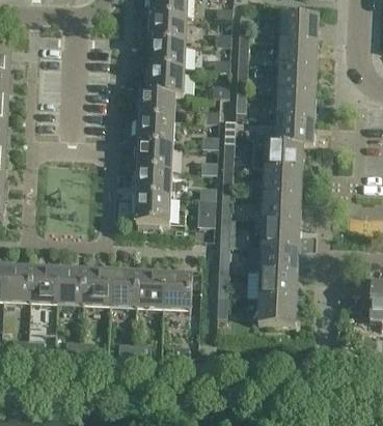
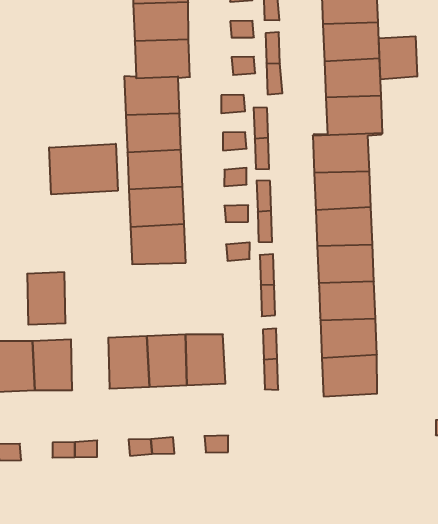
building: none -> [379,36,417,80]
building: none -> [49,144,118,194]
building: [83,268,111,305] -> [27,272,66,325]

